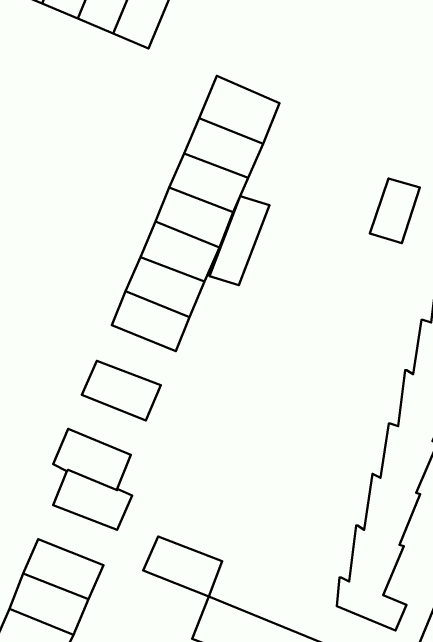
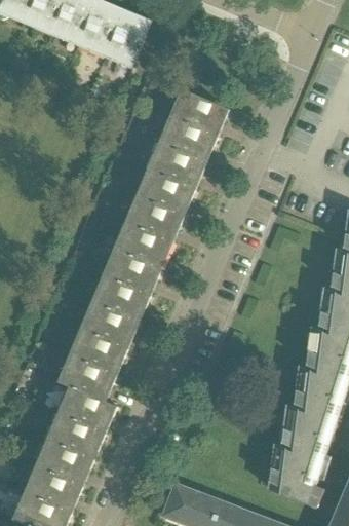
building: [370,179,420,243] -> none
building: [209,196,269,285] -> none
building: none -> [90,276,150,322]
building: none -> [69,329,127,374]
building: [143,537,222,597] -> [46,412,106,457]

